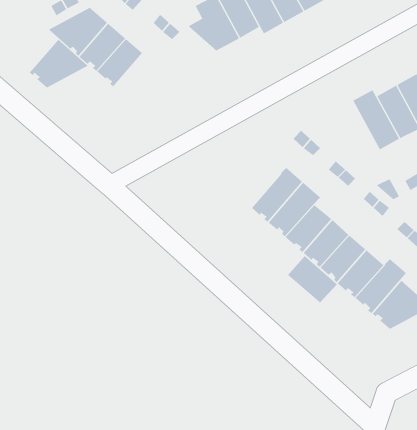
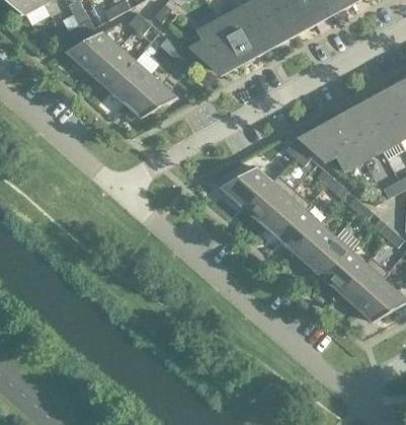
building: [29,39,88,88] -> [124,73,177,118]
building: none -> [303,116,362,170]
building: none -> [219,166,273,212]
building: [287,255,338,308] -> none

